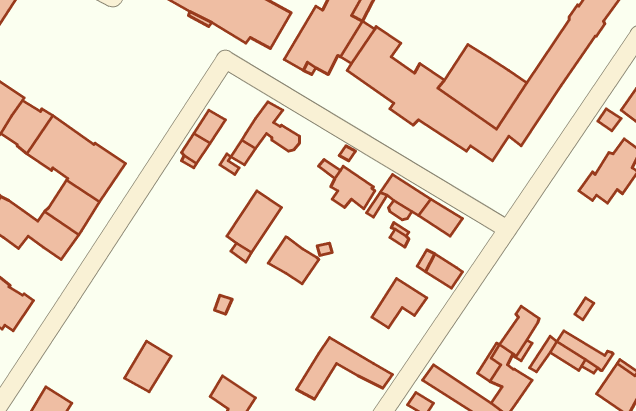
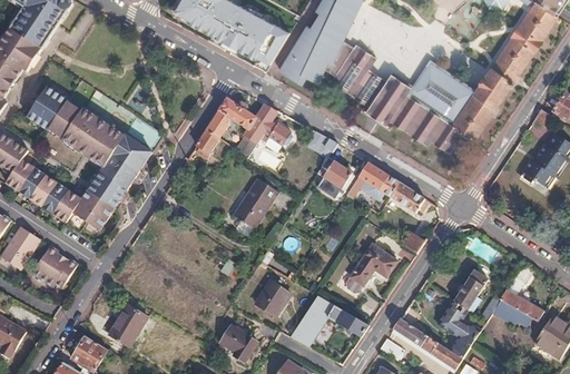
building: none -> [218,98,256,129]
building: [268,237,319,284] -> none
building: none -> [257,283,292,319]
building: [125,341,171,392] -> [110,305,148,346]

